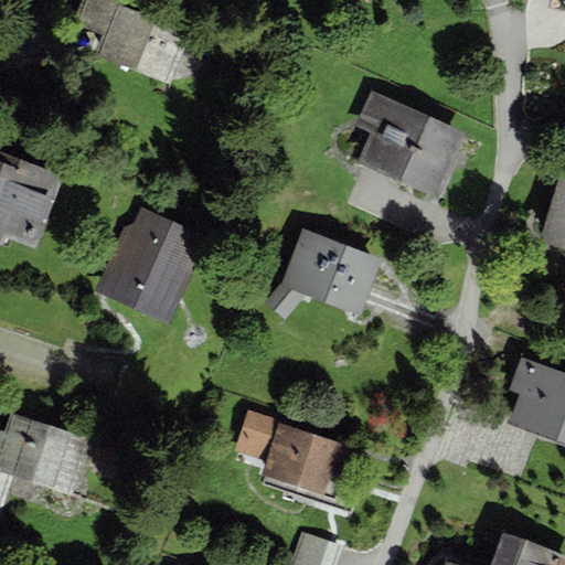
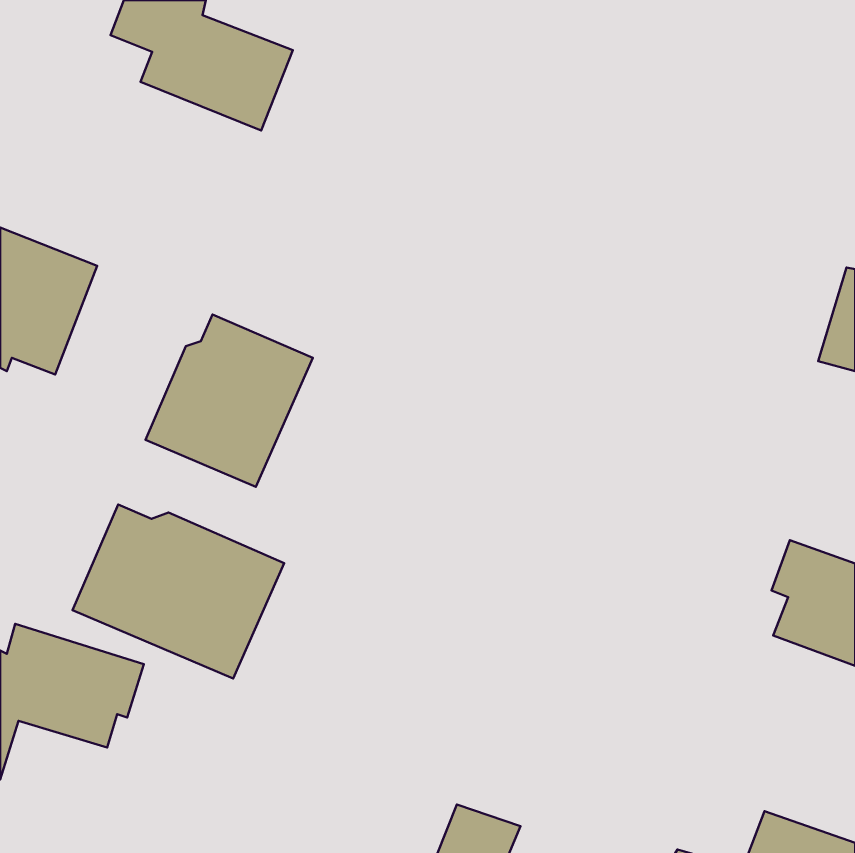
building: [354,89,467,198] -> none
building: [265,231,381,320] -> none
building: none -> [72,505,284,679]
building: [234,411,356,501] -> none

